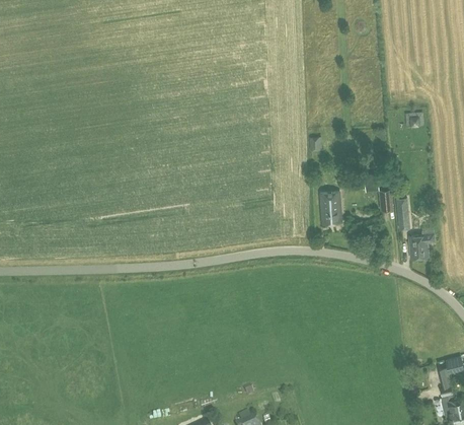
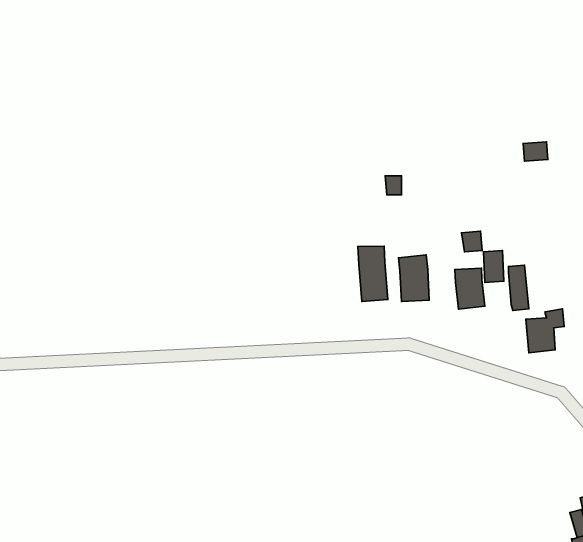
building: none -> [358,246,388,302]
building: none -> [455,268,485,309]

